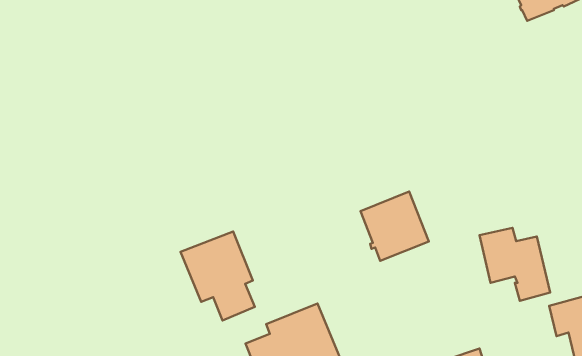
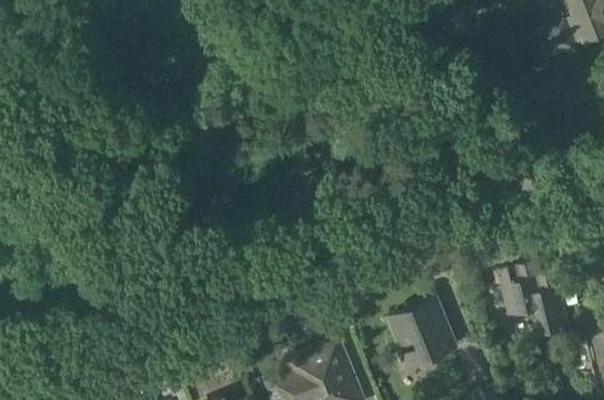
building: [361,192,429,261] -> [389,299,457,368]
building: [180,231,255,320] -> none

